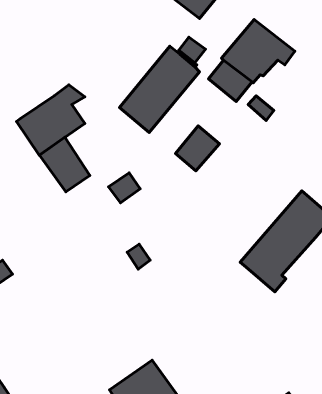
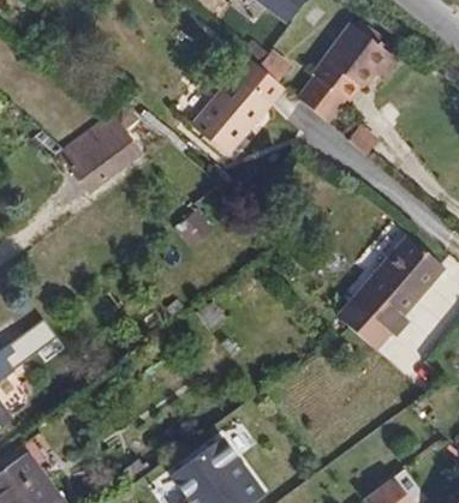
building: [175,126,220,171] -> none
building: [39,137,90,192] -> none

